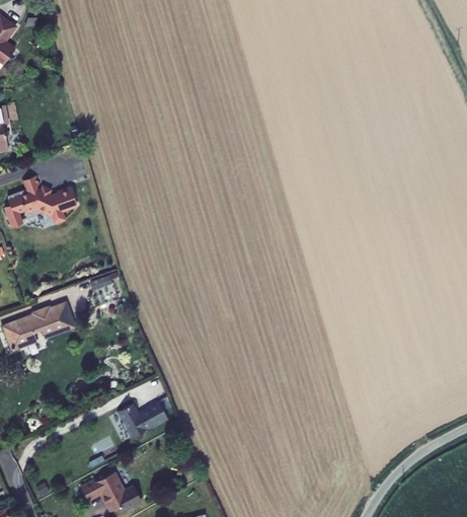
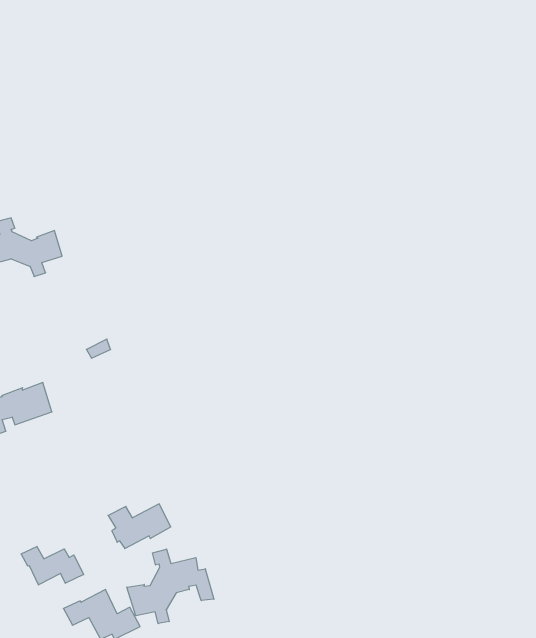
building: none -> [21,546,84,585]
building: none -> [127,549,214,624]

